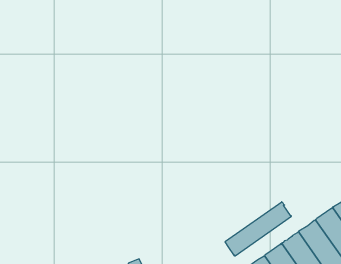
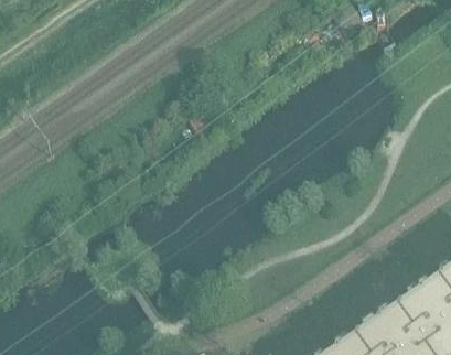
building: [225,202,291,256] -> none

